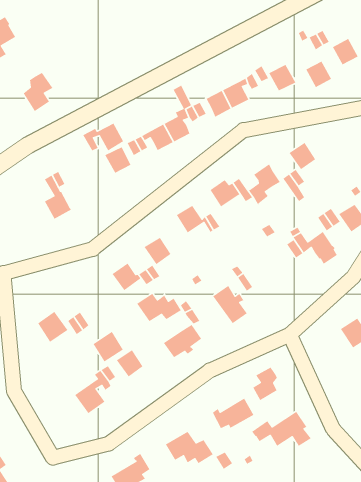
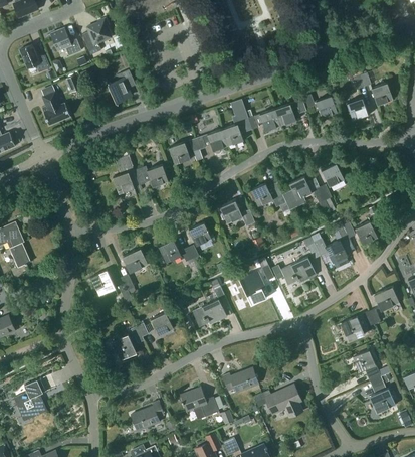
building: [82,123,124,152] -> [134,164,168,187]
building: none -> [281,257,315,284]
building: [136,293,182,322] -> none
building: [93,331,124,363] -> [123,248,148,273]
building: [251,366,280,402] -> none

